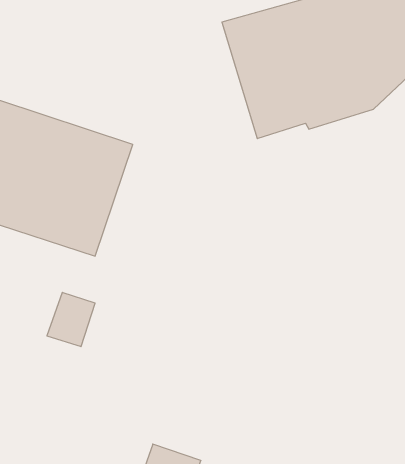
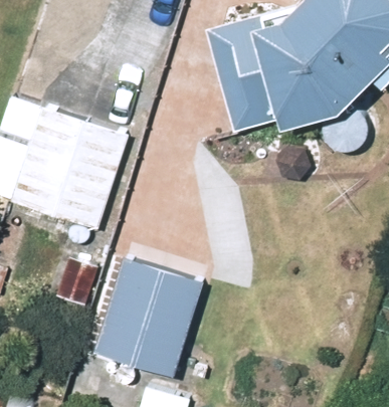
building: none -> [86,263,210,381]

